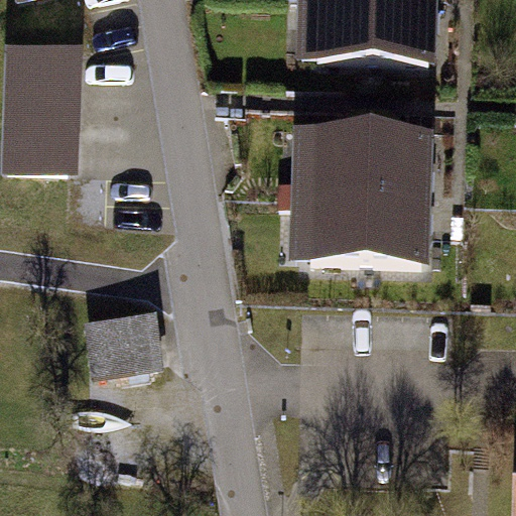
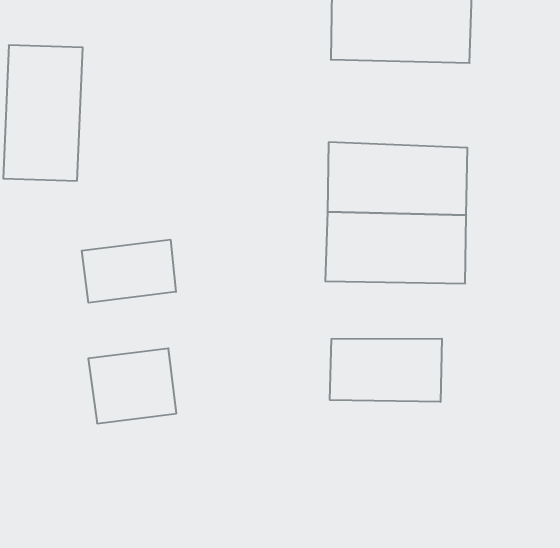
building: none -> [82,240,176,303]
building: none -> [330,339,442,402]

